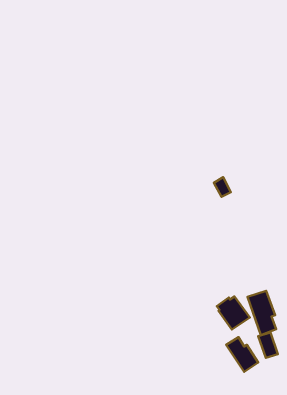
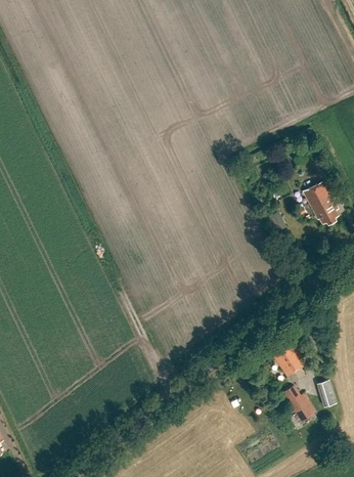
building: none -> [303,182,339,225]
building: [248,291,276,335] -> none

